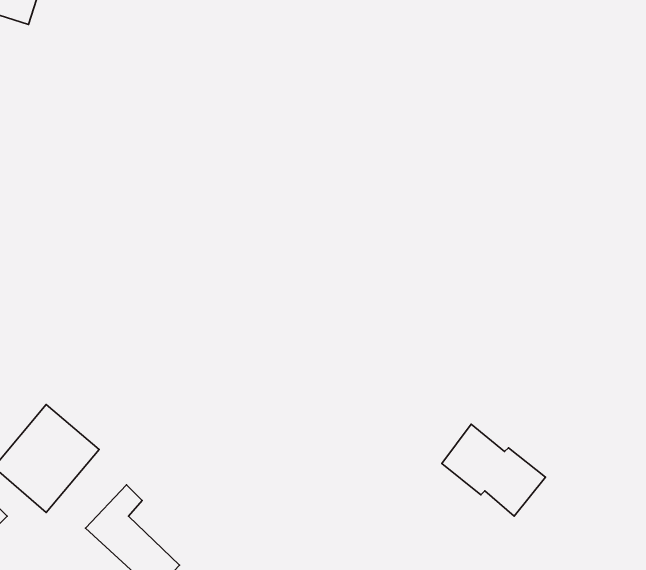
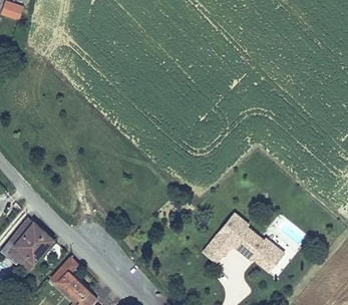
building: none -> [202,212,248,263]

